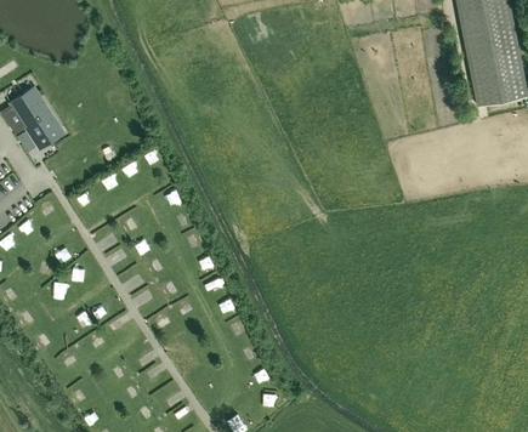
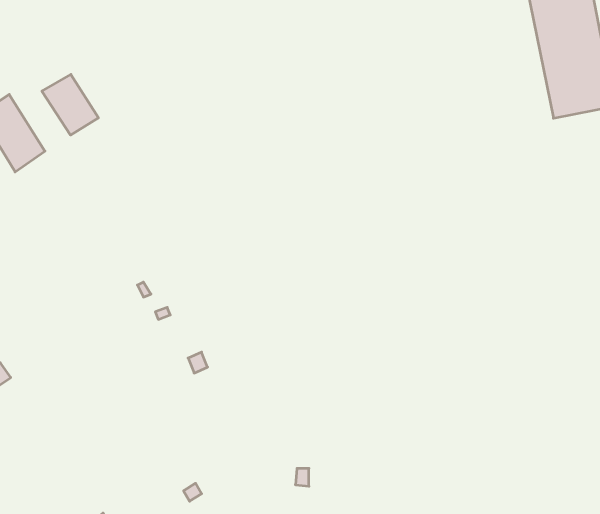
building: none -> [42,74,98,135]

